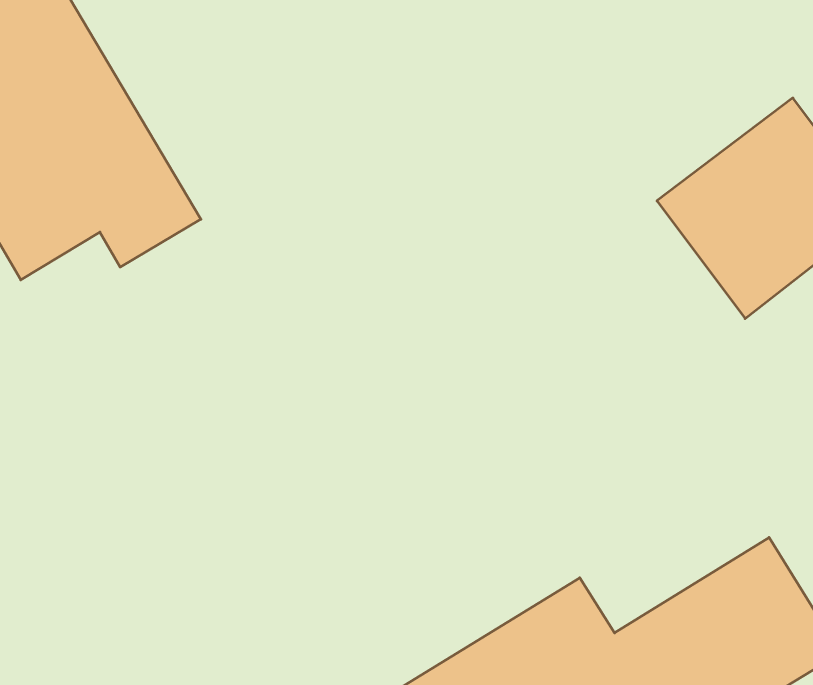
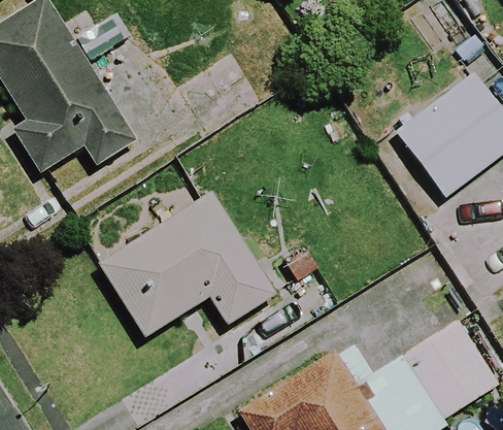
building: none -> [99,193,274,336]

